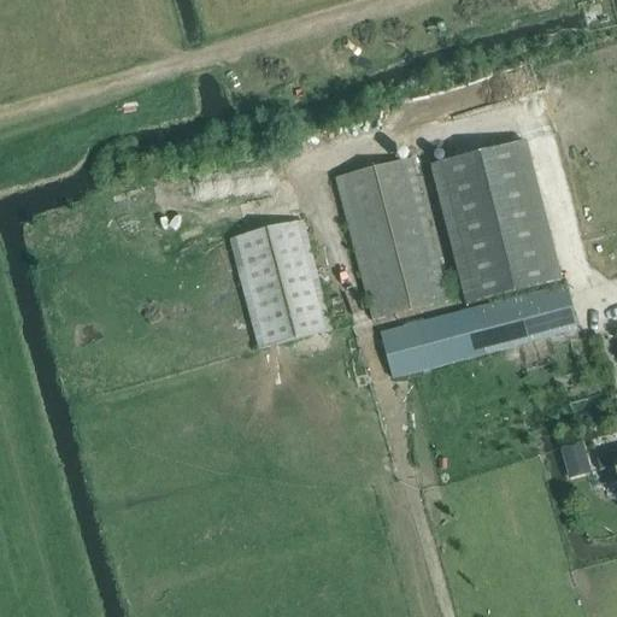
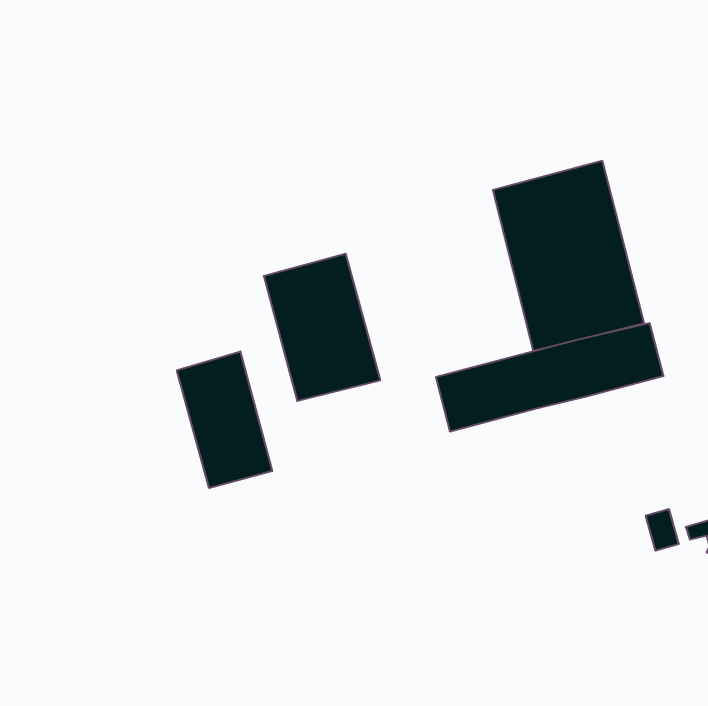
building: [336,159,447,318] -> none
building: none -> [177,351,272,488]

